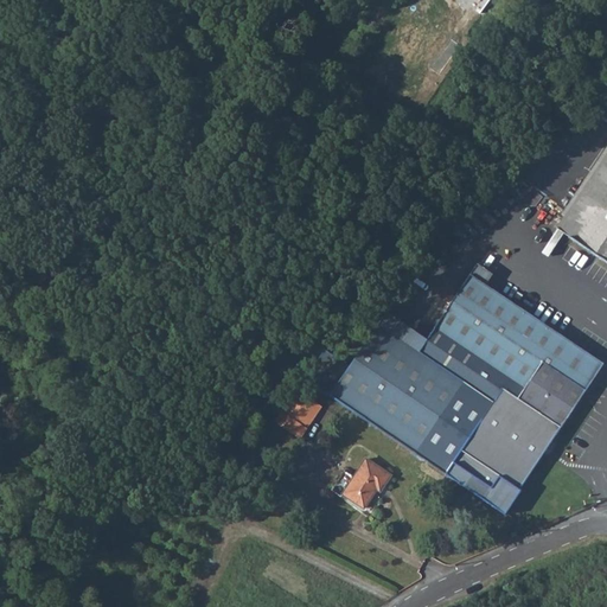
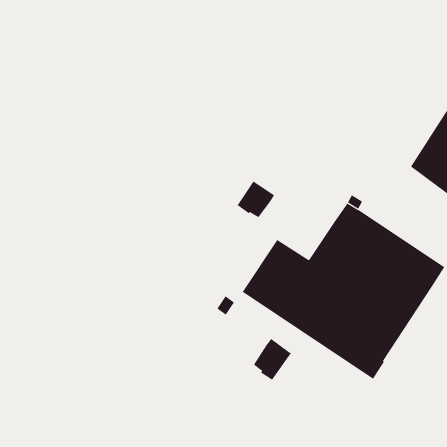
building: none -> [237,181,275,218]

